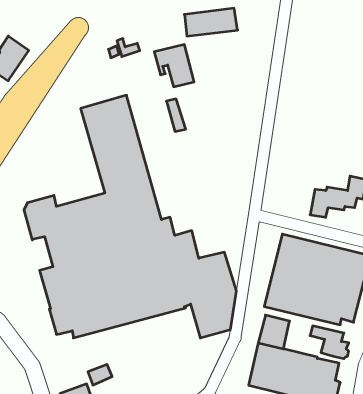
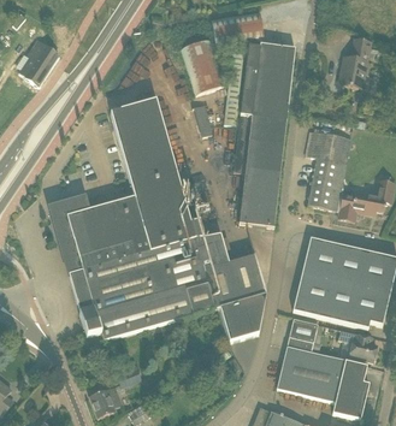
building: none -> [339,39,371,85]
building: none -> [234,42,295,227]
building: none -> [305,130,351,209]

